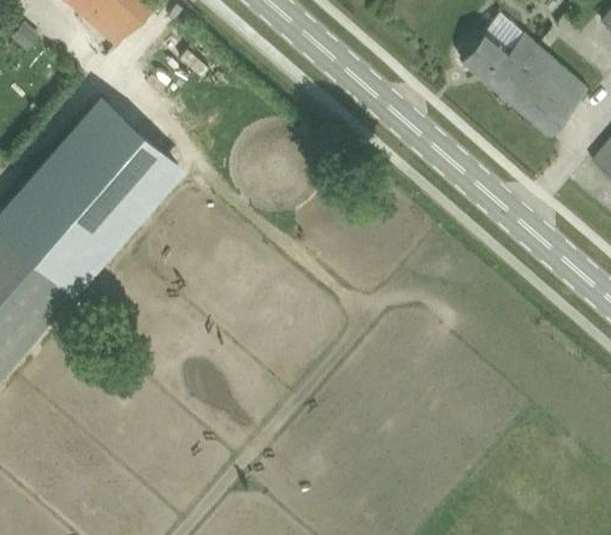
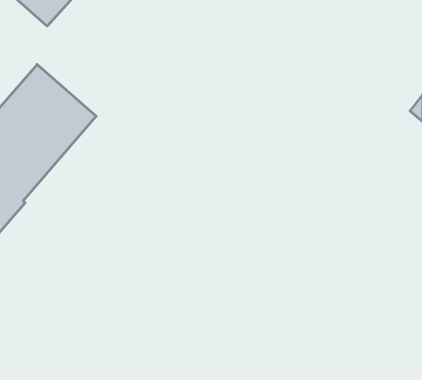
building: [461,29,588,135] -> none

